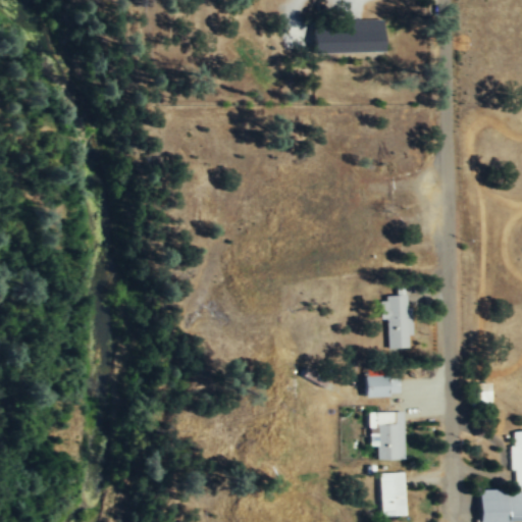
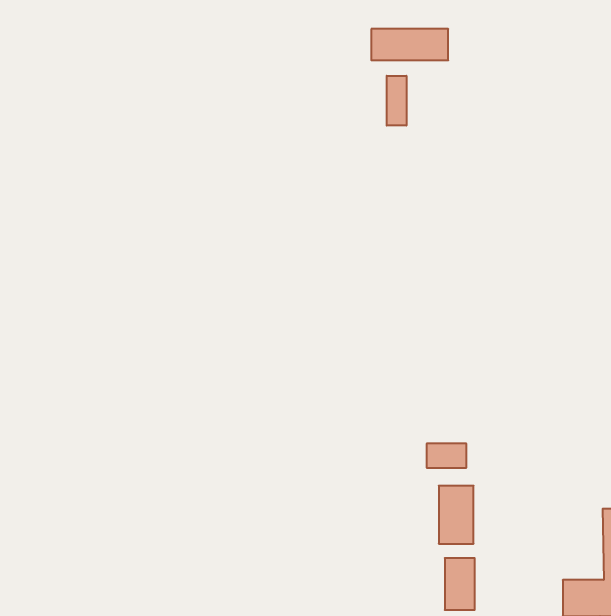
building: none -> [387,76,406,126]
building: [380,296,413,349] -> none

